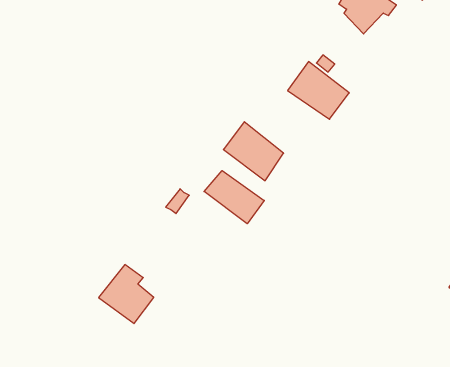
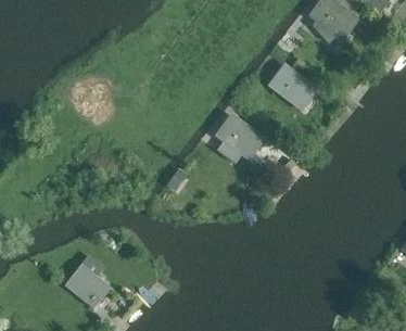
building: [204,171,264,224] -> none
building: [99,265,154,324] -> [64,259,110,308]

